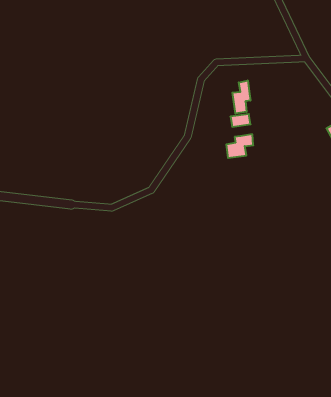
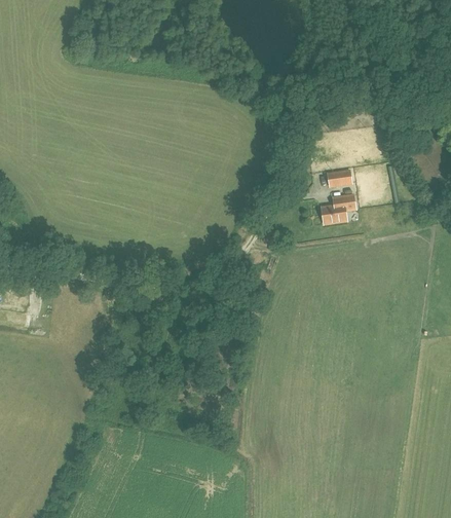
building: [232,80,250,114] -> none

